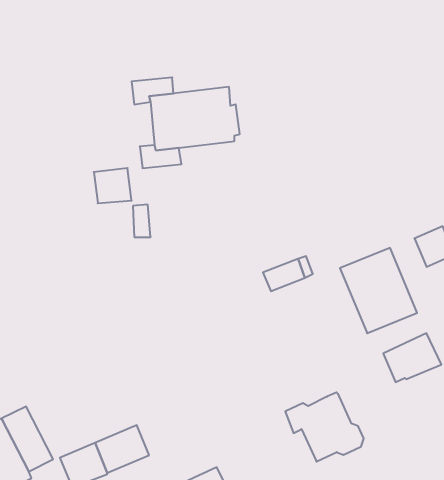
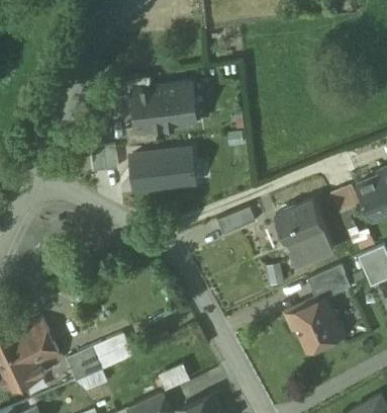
building: none -> [131,149,193,188]
building: [285,392,364,462] -> [285,299,344,350]

